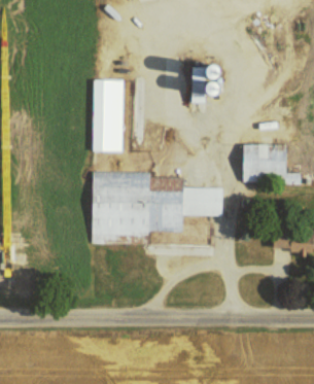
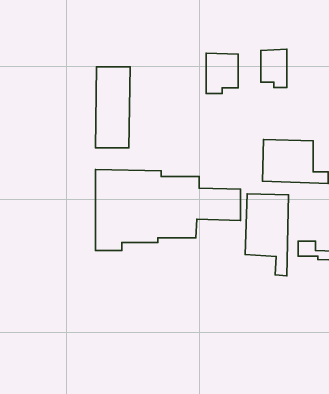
building: none -> [261,49,287,88]
building: none -> [245,194,288,276]

